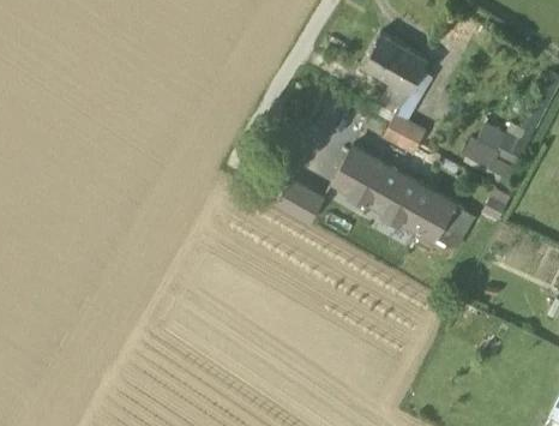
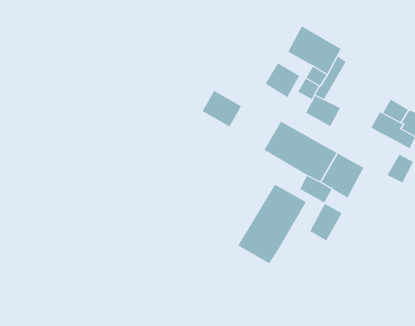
building: none -> [265,63,300,98]
building: [275,180,323,224] -> [202,90,242,127]
building: [434,205,474,251] -> [310,203,343,241]
building: none -> [237,184,306,264]

